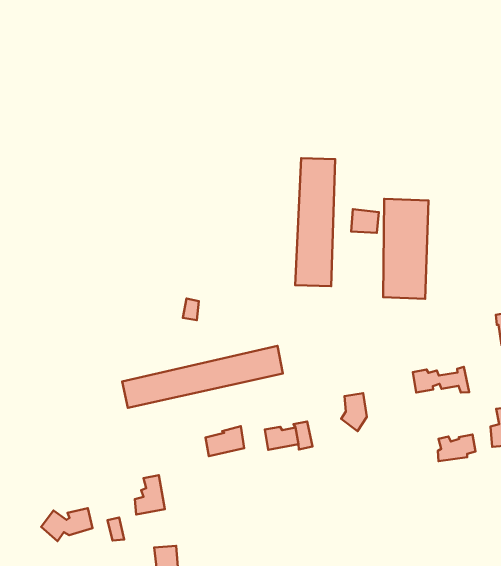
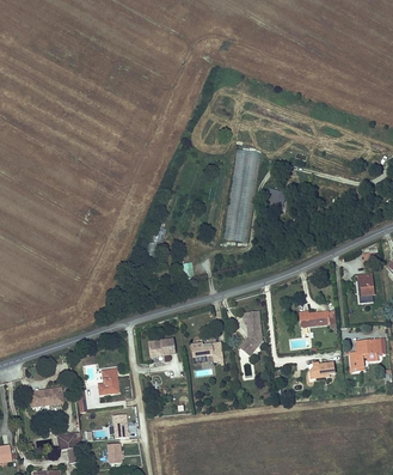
building: [383,199,428,299] -> none
building: [122,346,283,408] -> none

